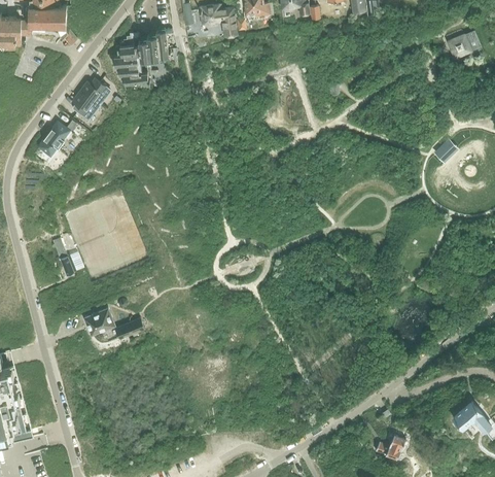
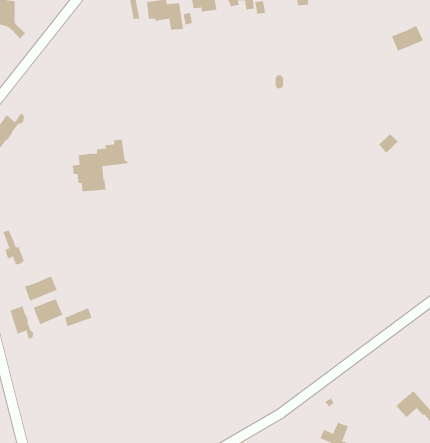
building: [113,30,171,83] -> [72,139,129,192]
building: [72,79,109,120] -> none
building: none -> [24,276,58,302]
building: none -> [10,305,34,340]

